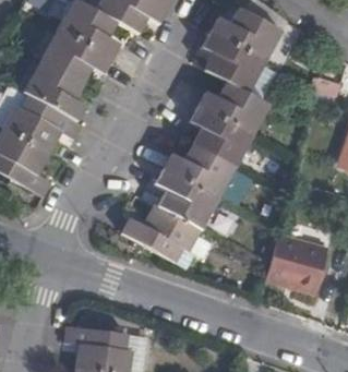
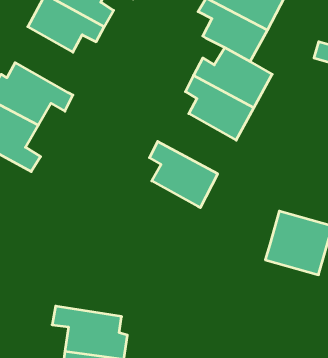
building: [22,60,85,122] -> none
building: [161,142,236,199] -> none
building: [120,203,200,262] -> none

